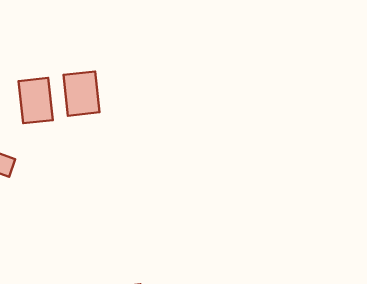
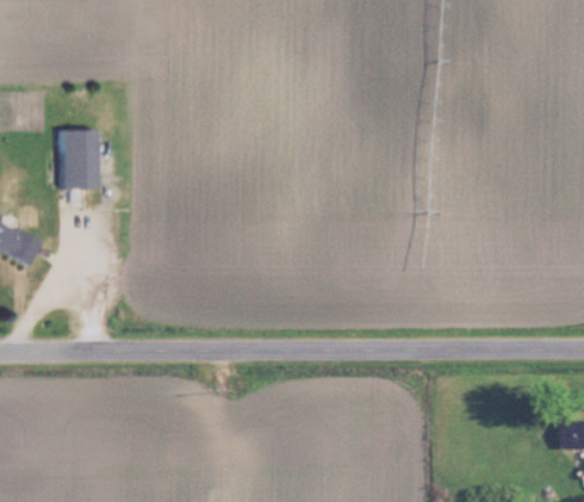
building: [63,71,99,116] -> none

